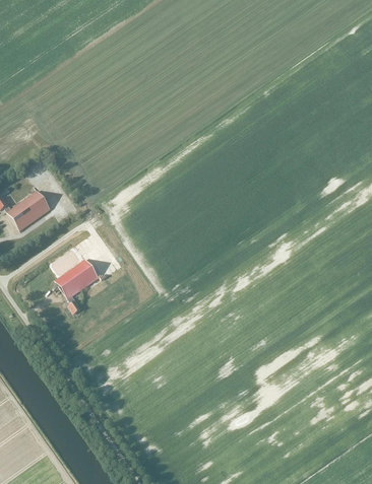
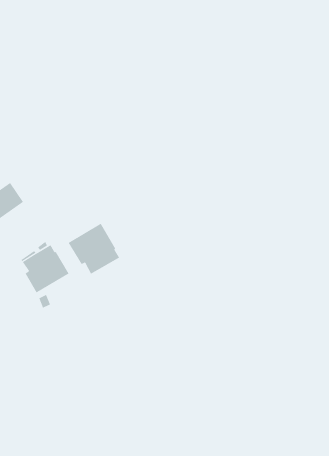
building: none -> [68,223,120,275]

